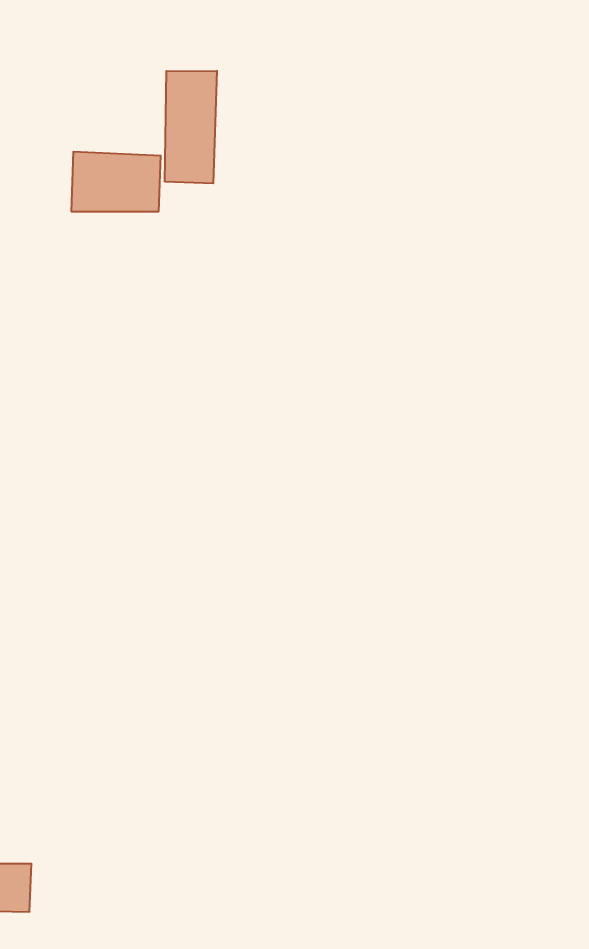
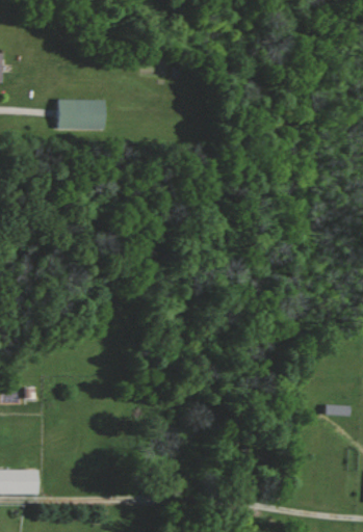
building: [165,71,217,183] -> none

